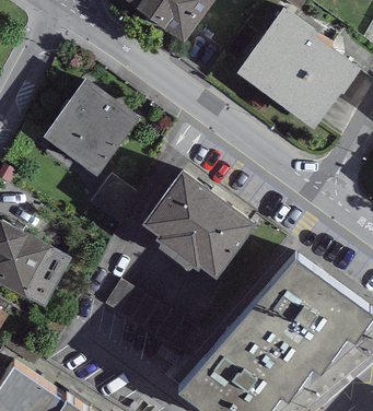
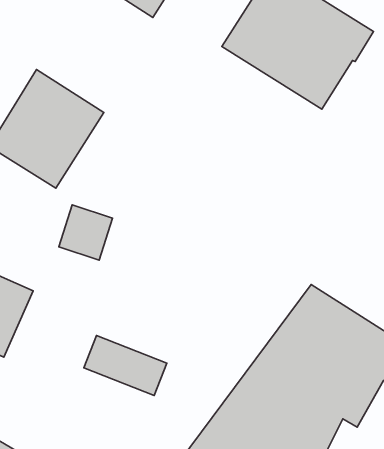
building: [141,165,256,275] -> none

